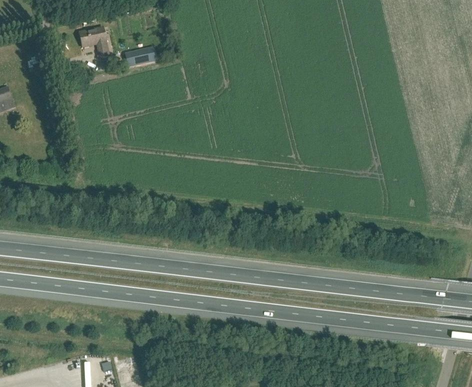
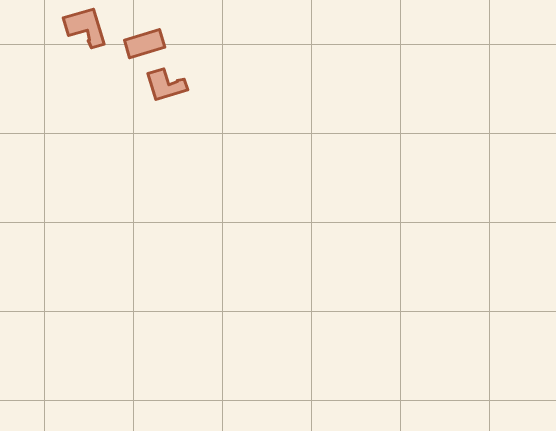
building: none -> [148,69,188,99]

